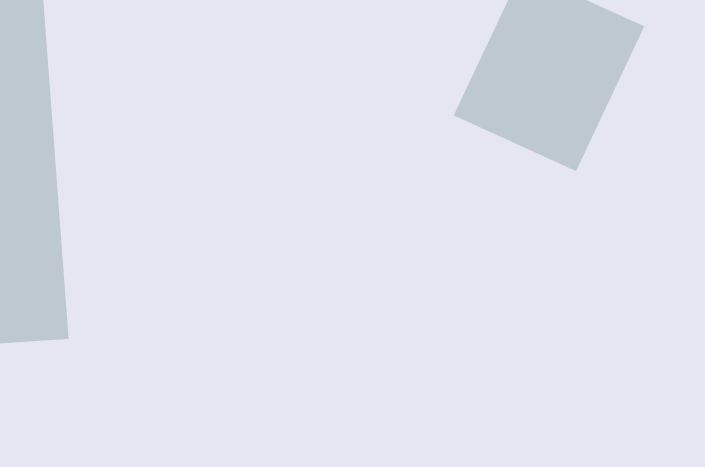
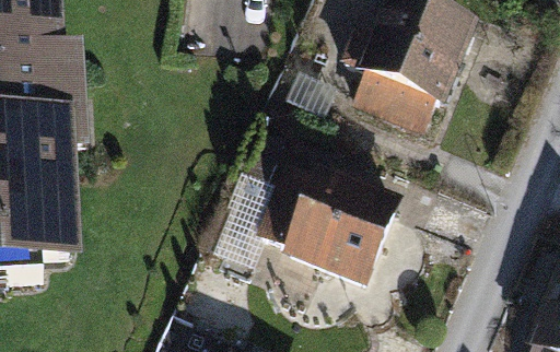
building: none -> [262,161,408,292]

